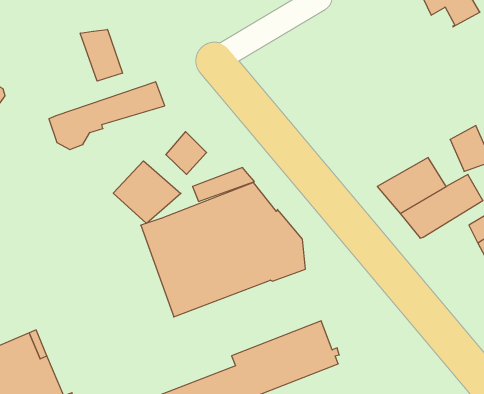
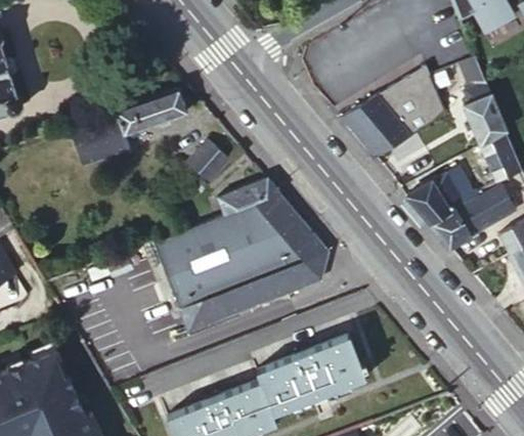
building: [80,29,122,81] -> none
building: none -> [458,58,506,150]
building: none -> [340,69,442,158]
building: [113,161,181,223] -> none

